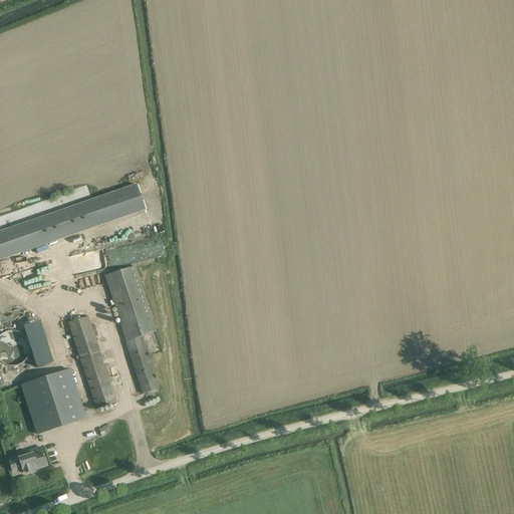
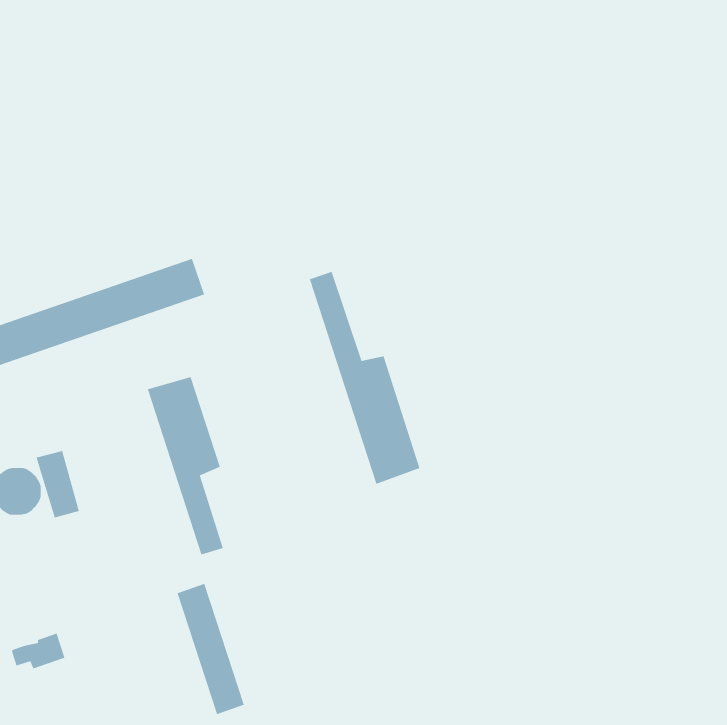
building: none -> [309,271,420,485]
building: [67,314,115,408] -> [176,583,245,715]
building: [21,367,84,433] -> none

